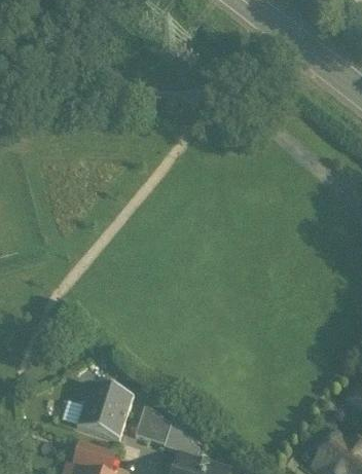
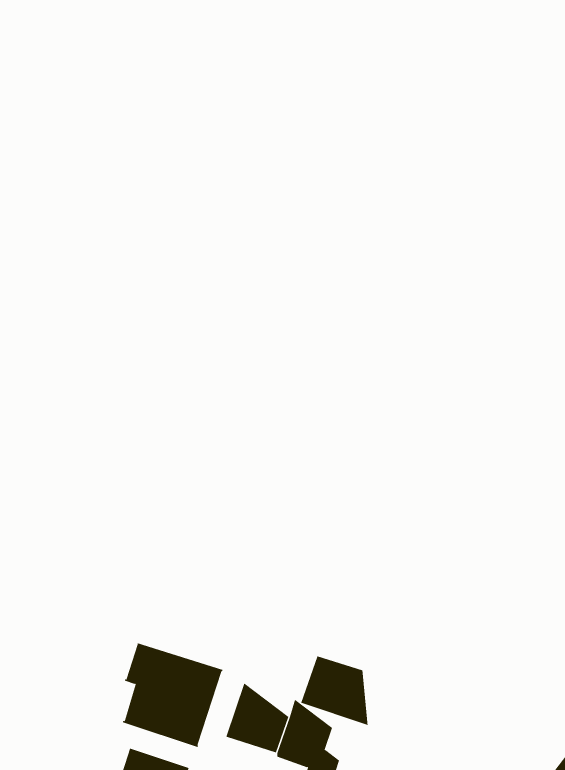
building: none -> [300,655,368,726]

